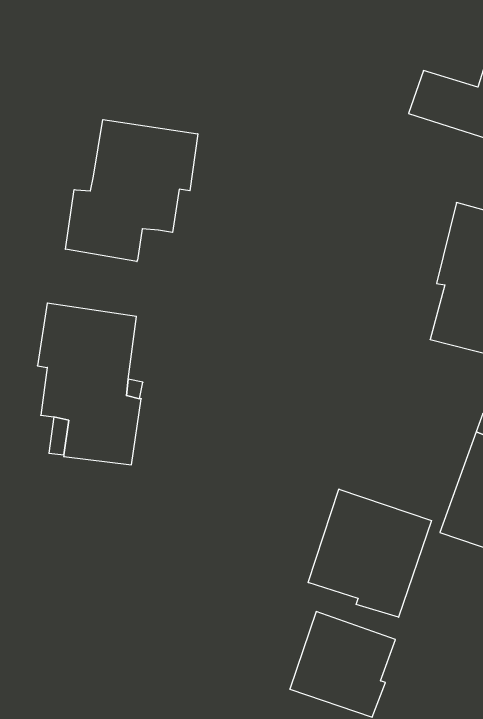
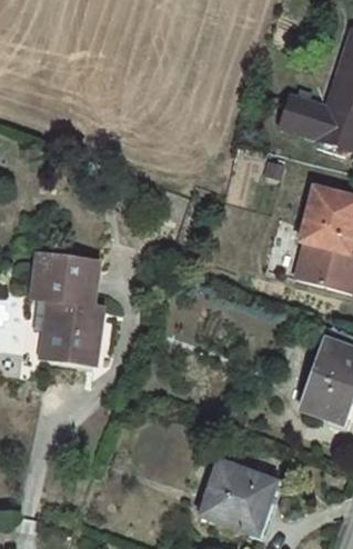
building: [65,120,198,262] -> none
building: [308,489,431,617] -> none

